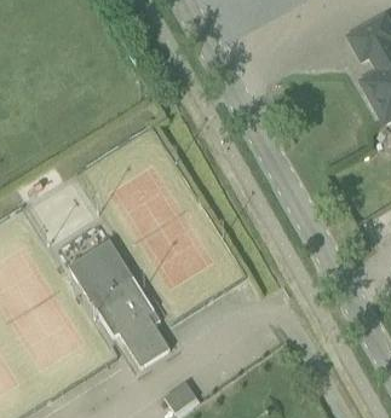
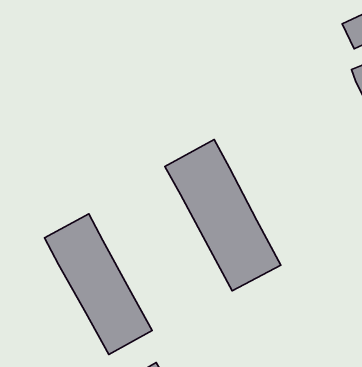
building: none -> [165,140,281,291]

